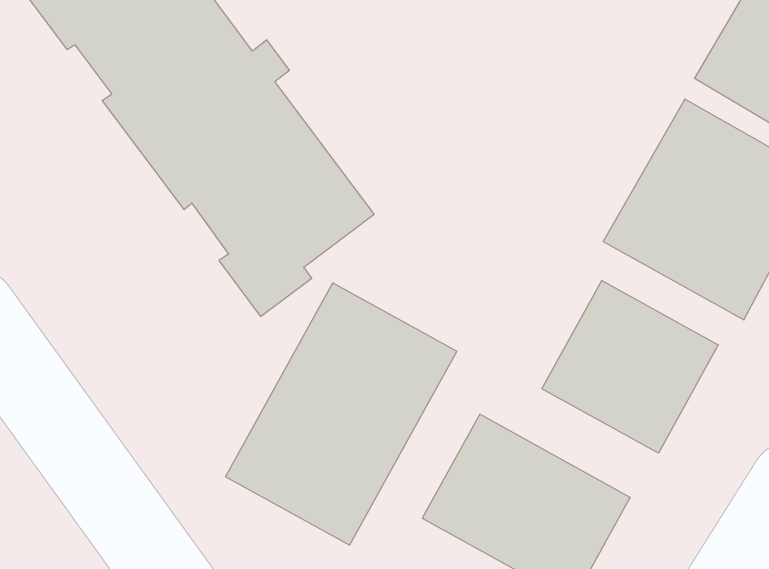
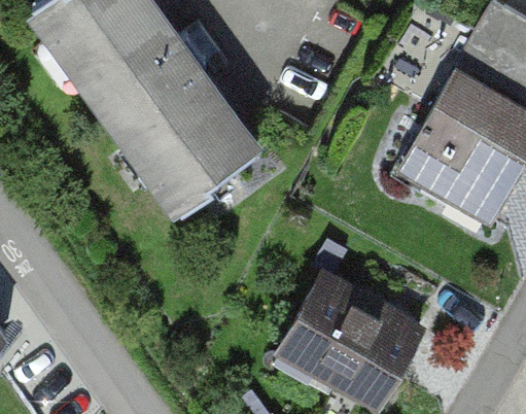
building: [542,280,718,453] -> none
building: [226,283,457,545] -> none

